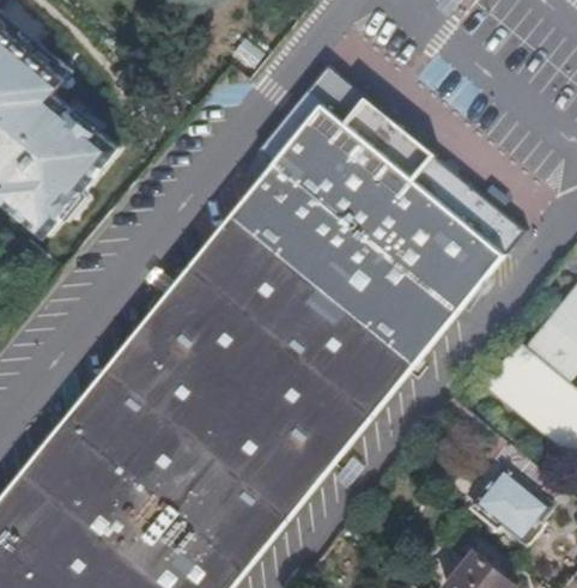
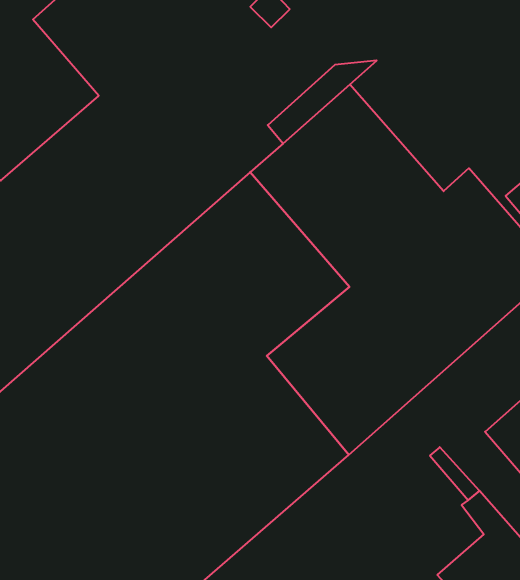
building: [322,83,433,183] -> none

